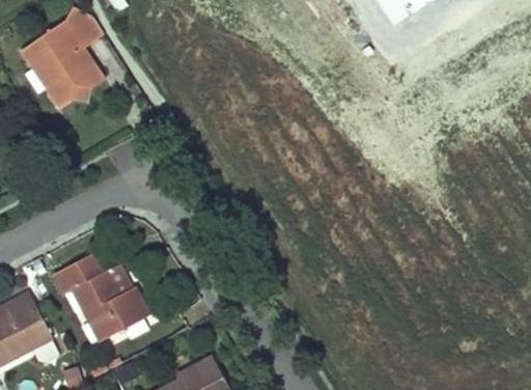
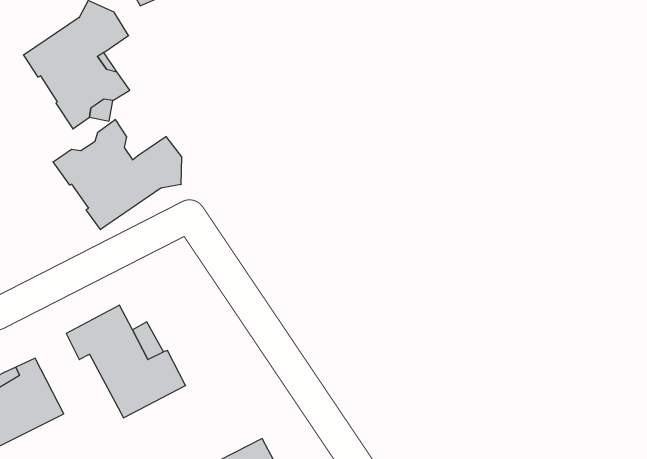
building: none -> [53,119,181,230]

